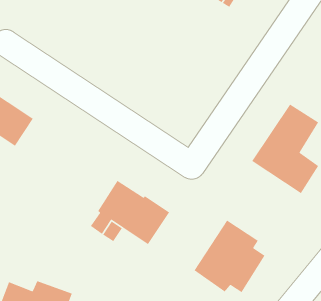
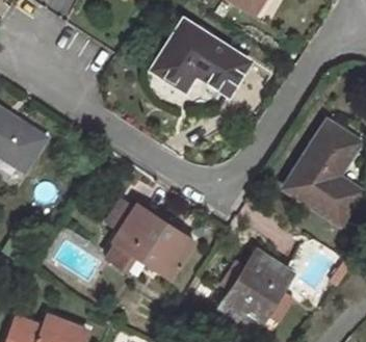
building: none -> [153,20,249,93]

